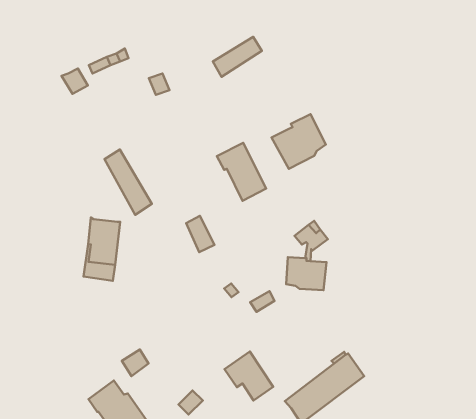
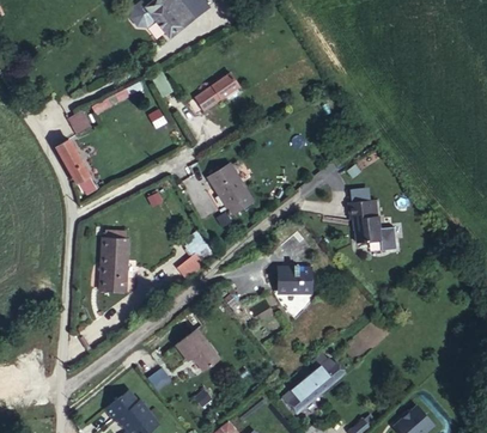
building: [271,114,326,169] -> none
building: [105,149,152,215] -> [55,138,99,195]
building: none -> [349,203,382,246]
building: [224,352,273,400] -> [176,324,220,367]

